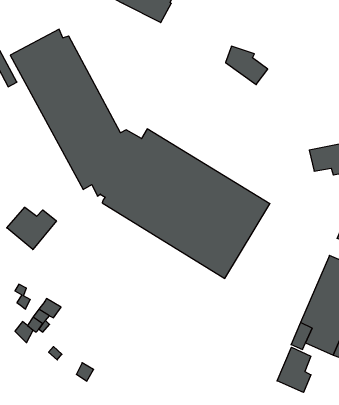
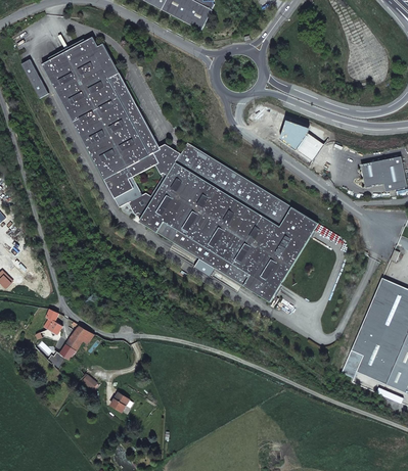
building: [226,46,268,85] -> [278,120,323,160]
building: [7,207,56,250] -> none
building: [277,347,311,392] -> none

